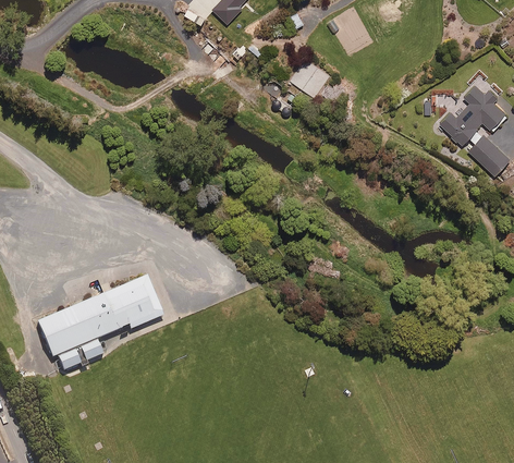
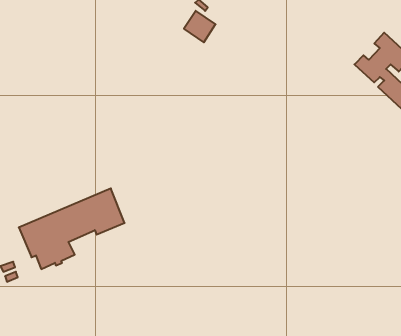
building: [290,60,328,98] -> [184,11,216,42]

